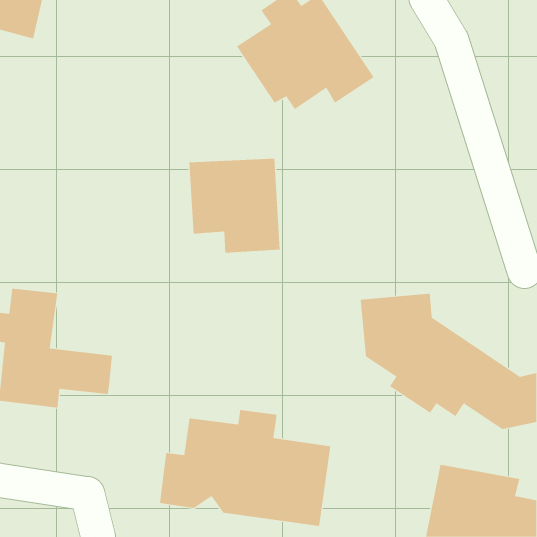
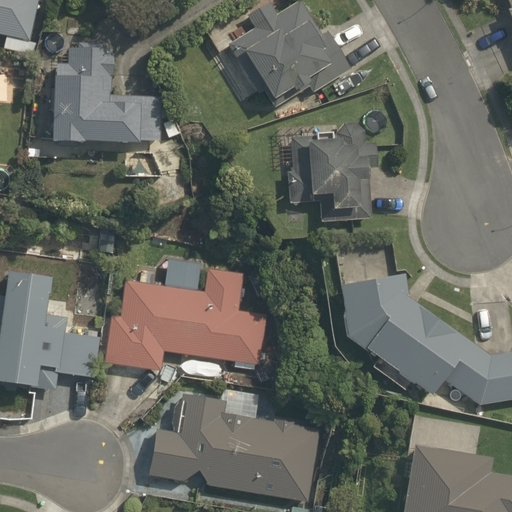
building: none -> [53,43,160,144]
building: [189,158,280,253] -> [283,132,370,222]
building: none -> [104,267,269,372]

